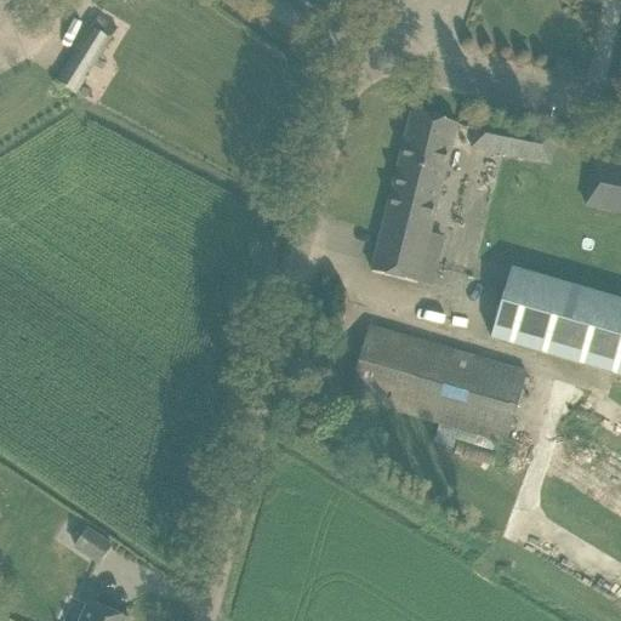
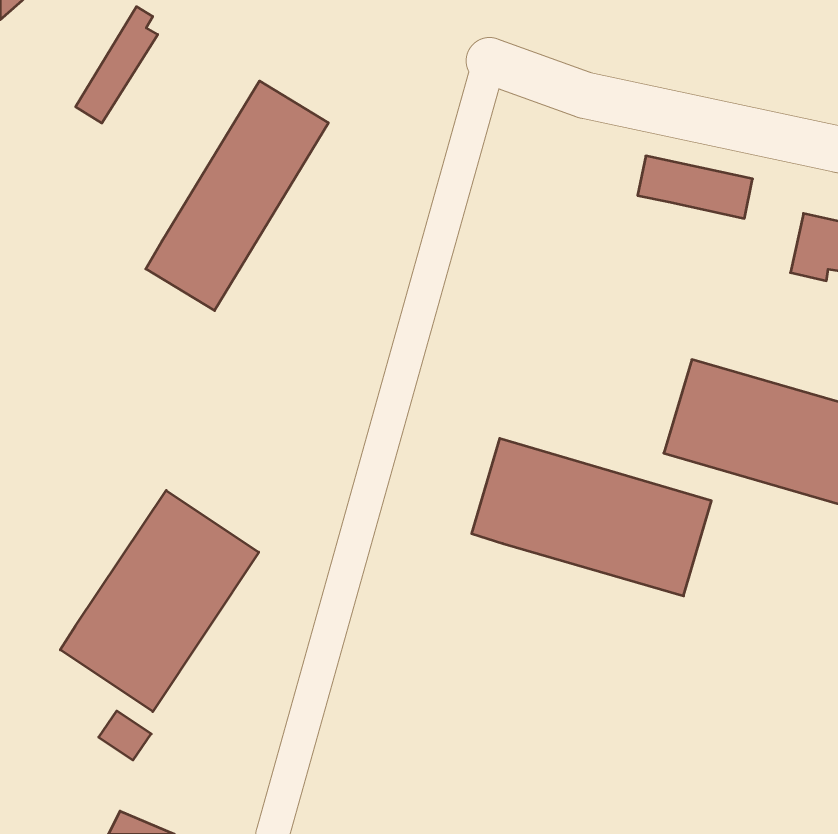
building: none -> [146,81,328,311]
building: [371,109,457,284] -> none
building: none -> [60,490,259,712]

